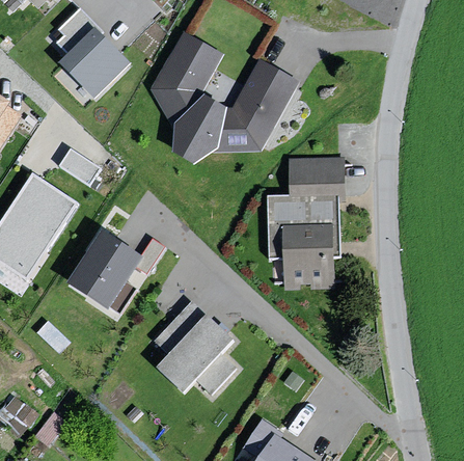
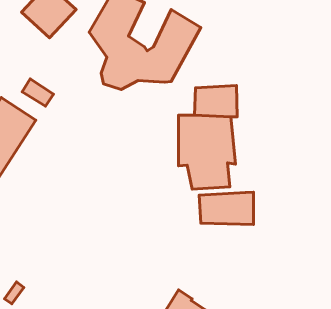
building: [72,232,141,305] -> none
building: none -> [199,192,254,225]
building: [156,300,237,392] -> none

